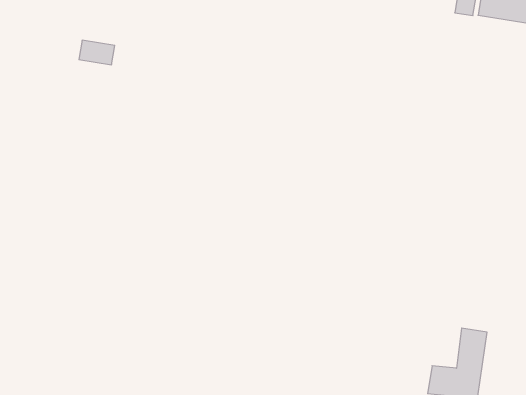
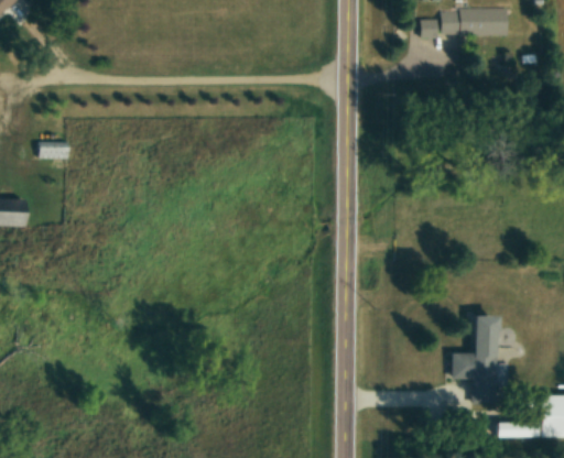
building: [79,40,115,65] -> [39,141,68,159]

